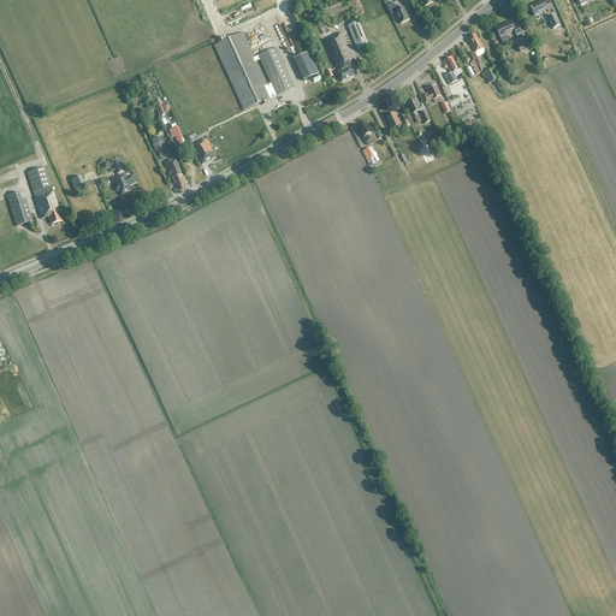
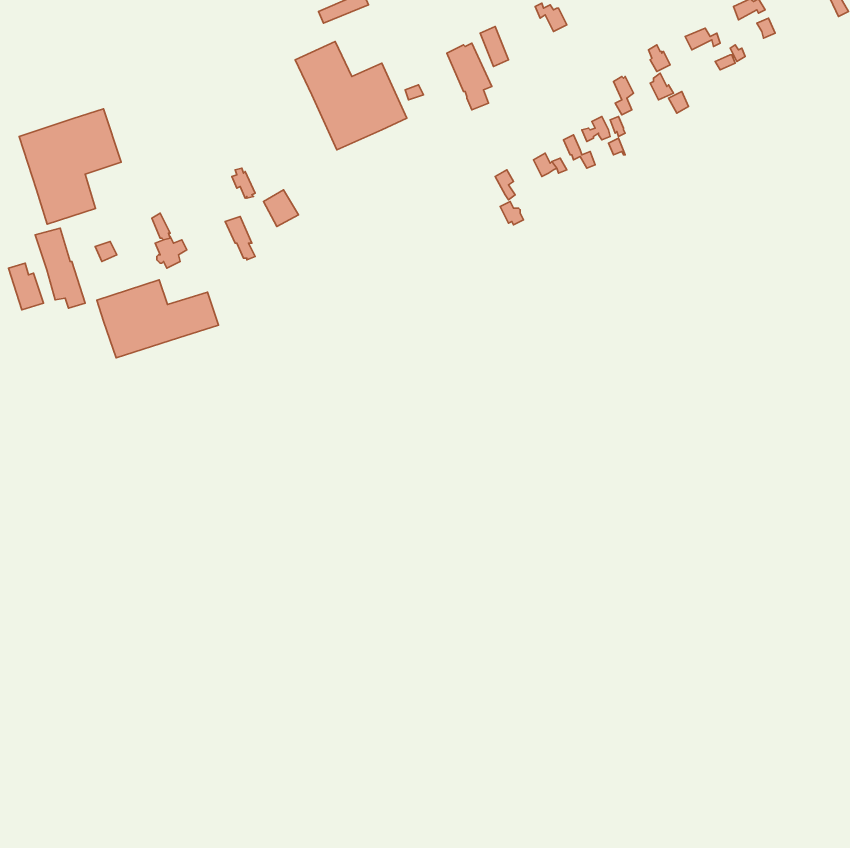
building: none -> [19,109,121,224]
building: none -> [97,280,218,358]

